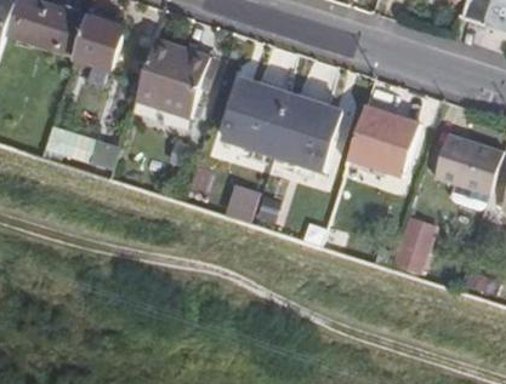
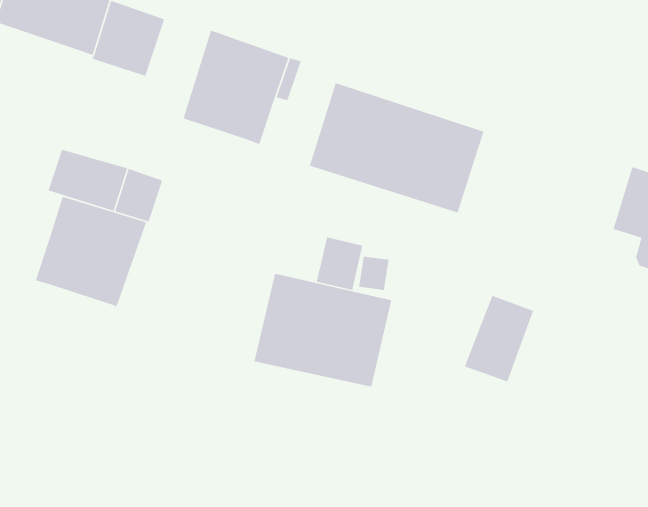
building: [346,108,416,177] -> none
building: none -> [35,196,147,307]
building: none -> [253,273,392,388]
building: [391,213,439,274] -> [464,295,534,383]

